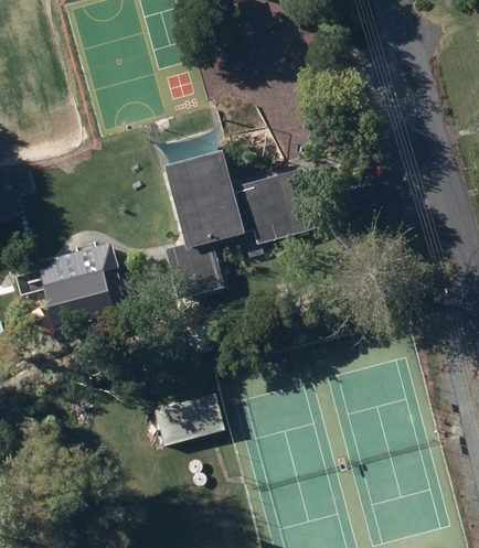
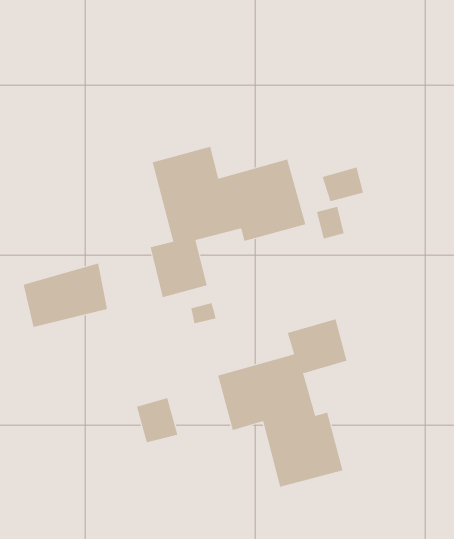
building: none -> [218,318,347,488]

